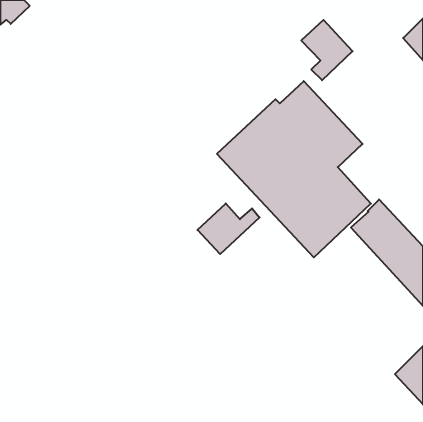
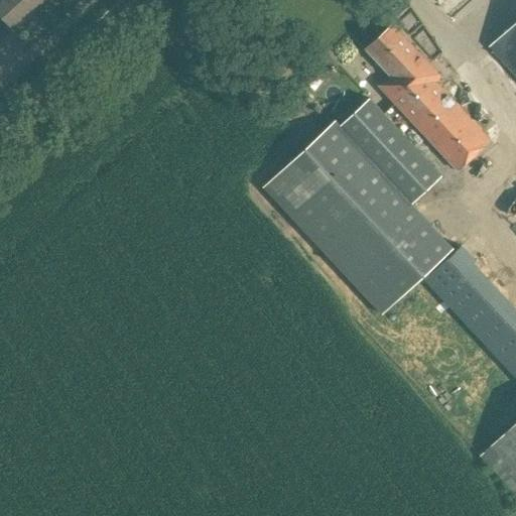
building: none -> [392,63,490,170]
building: [197,203,260,254] -> none

